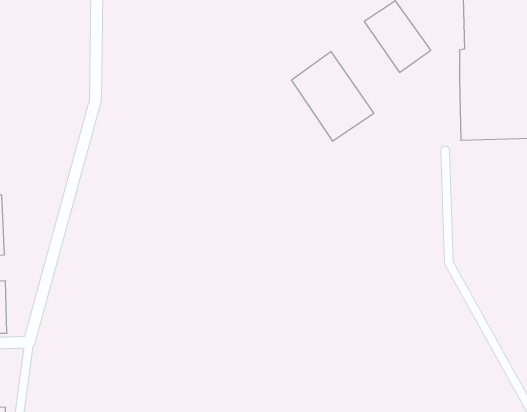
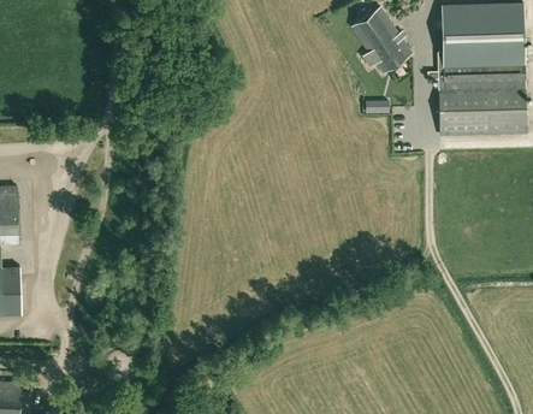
building: [292,52,374,141] -> none

